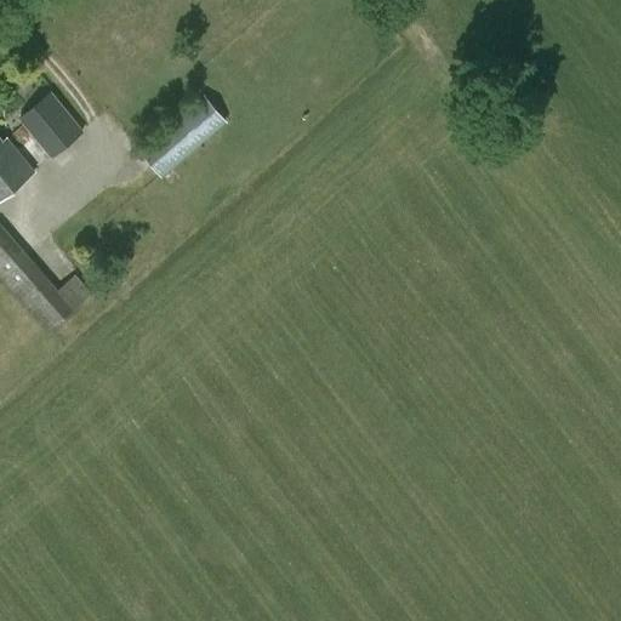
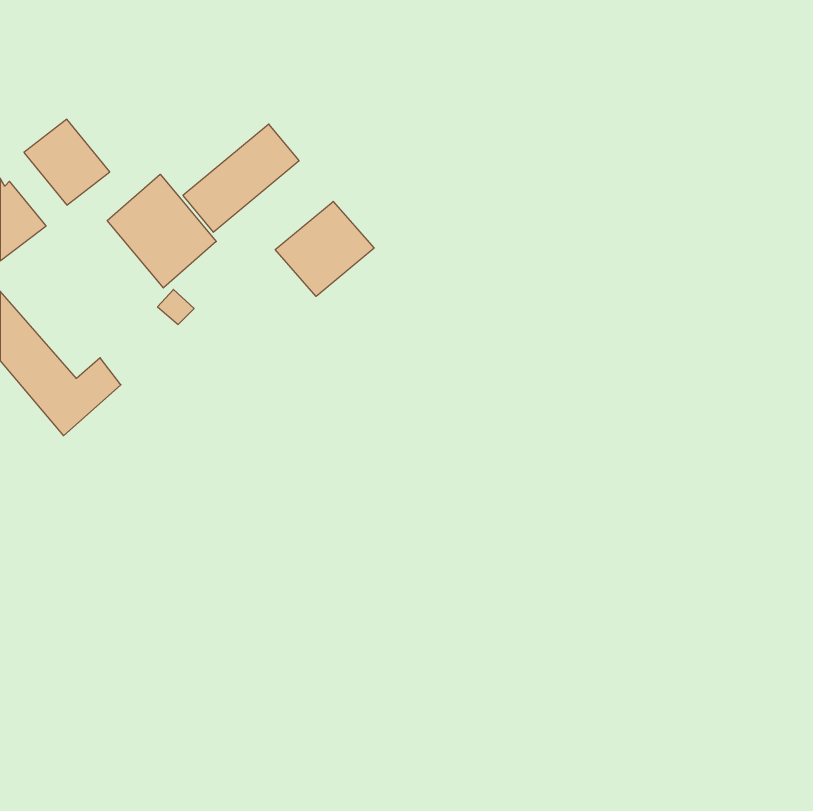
building: none -> [107,174,216,288]
building: none -> [275,201,374,296]

